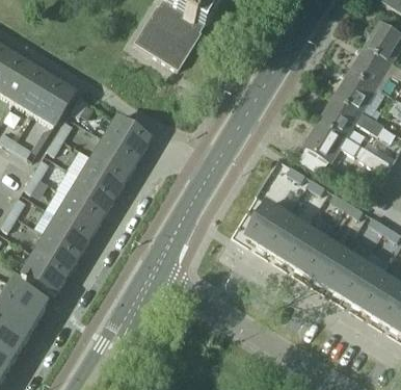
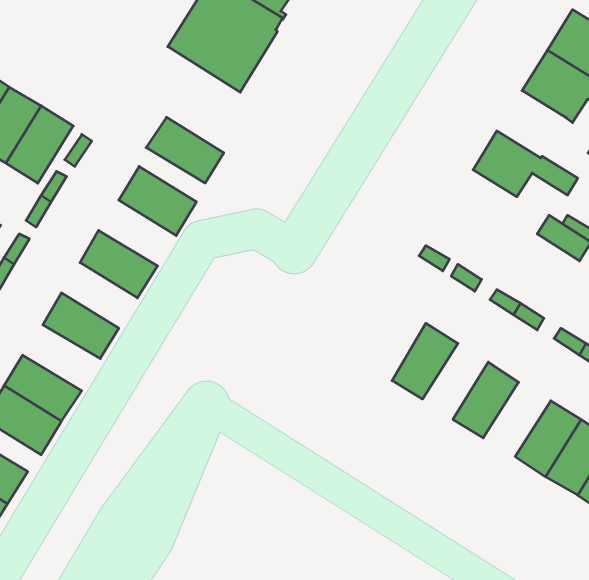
building: [335,71,377,112] -> none
building: [304,120,362,160] -> none
building: [89,138,137,179] -> [146,117,224,183]
building: [66,177,113,217] -> none
building: [249,202,291,250] -> none
building: [43,215,90,256] -> none
building: [289,227,329,274] -> none
building: [326,251,368,296] -> none

